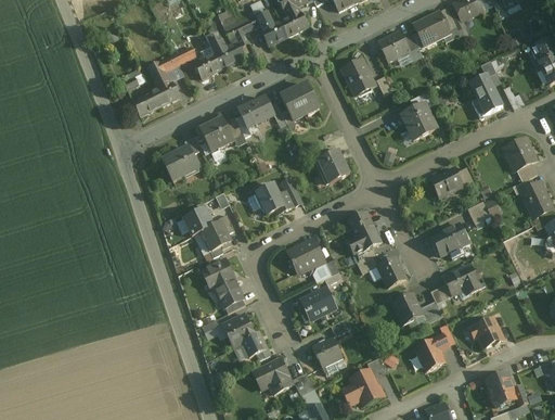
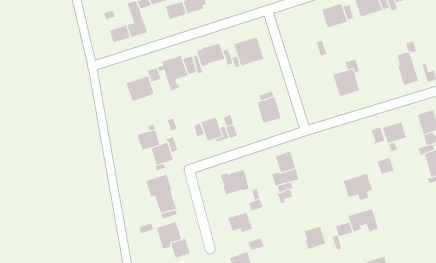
building: [340,59,374,94] -> none
building: [430,168,461,196] -> [382,121,407,143]
building: [377,258,404,288] -> none

